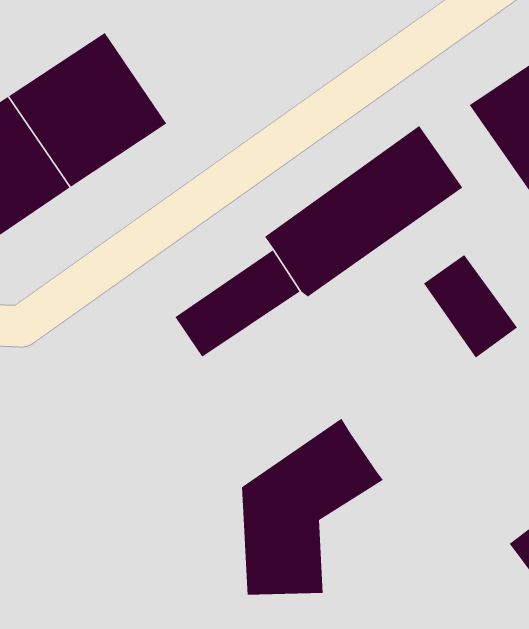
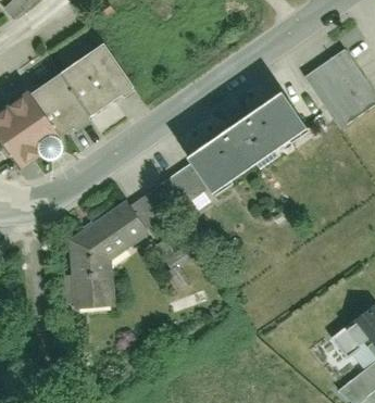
building: [423,254,518,358] -> none
building: [241,418,384,595] -> [68,197,153,302]

